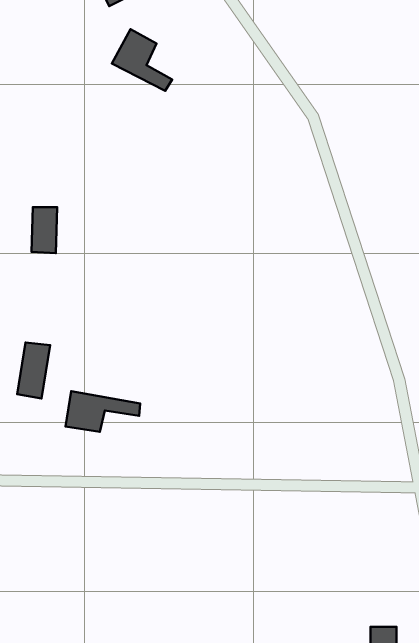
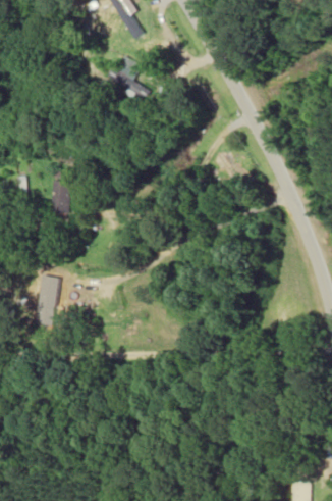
building: [66,391,140,432] -> none

